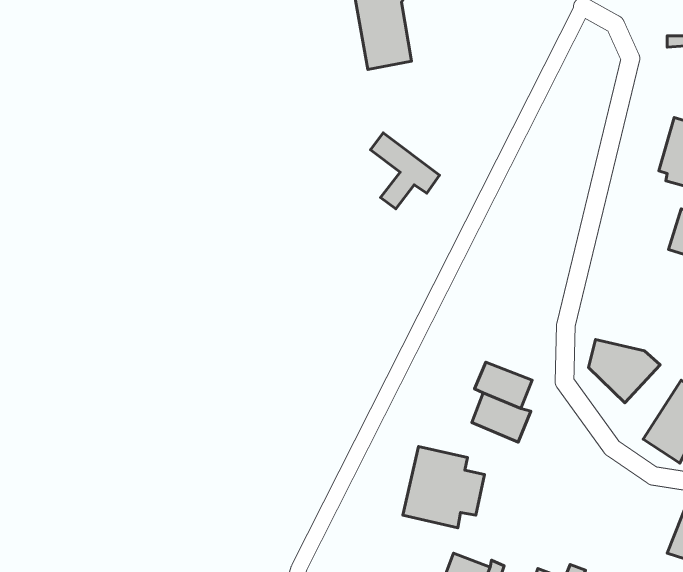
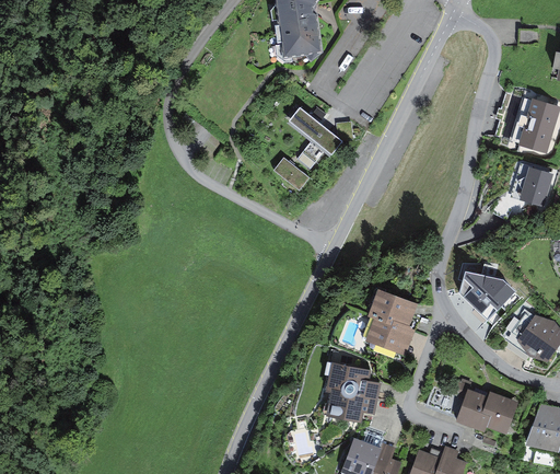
building: none -> [275,160,310,192]
building: none -> [456,389,516,429]

